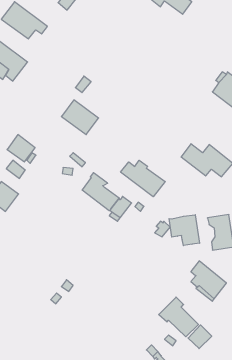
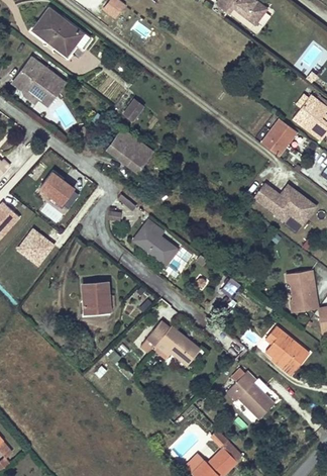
building: none -> [262,118,298,155]
building: [121,160,165,197] -> none
building: [169,215,200,246] -> none
building: none -> [79,282,110,311]
building: none -> [147,320,200,365]
building: [188,325,212,349] -> none

